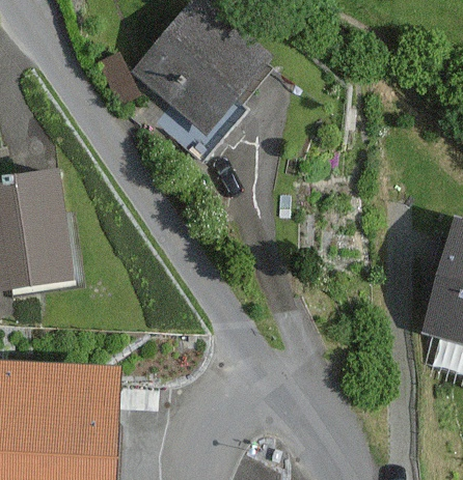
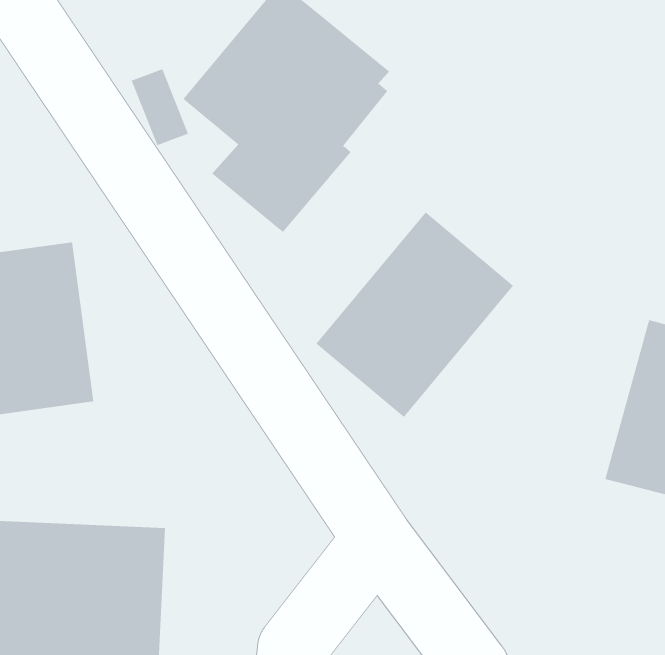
building: none -> [316,211,514,418]

